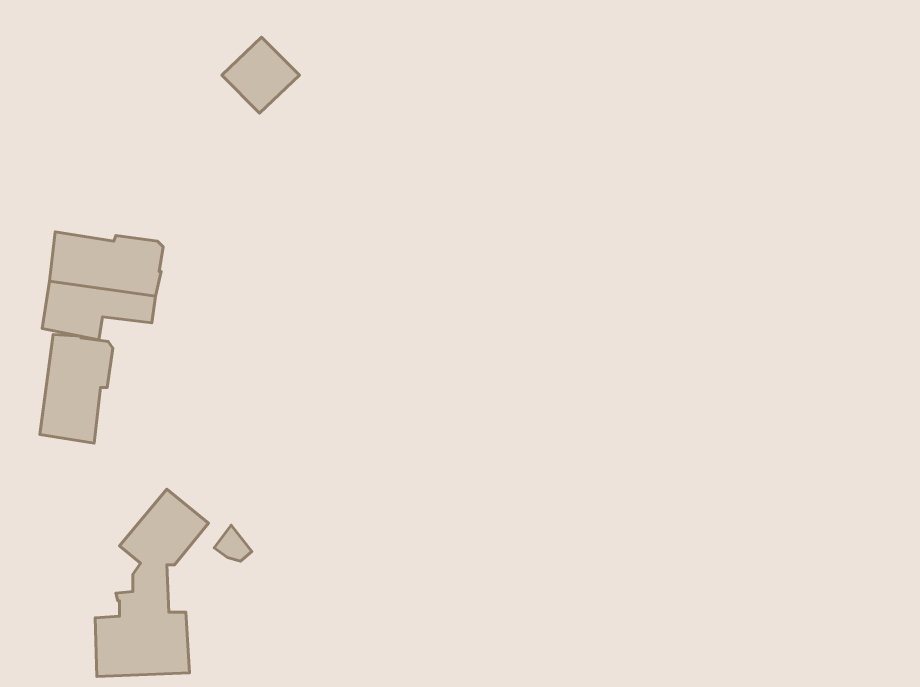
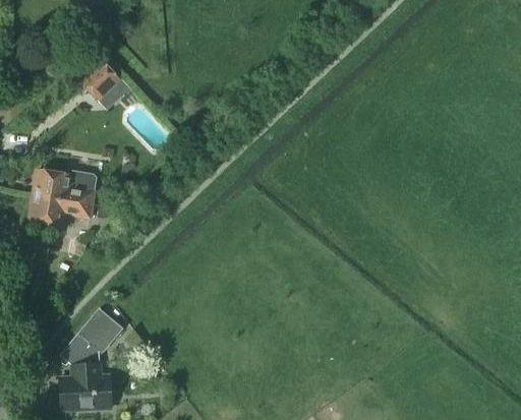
building: [222,37,299,113] -> [80,59,122,100]
building: [40,334,113,443] -> none

